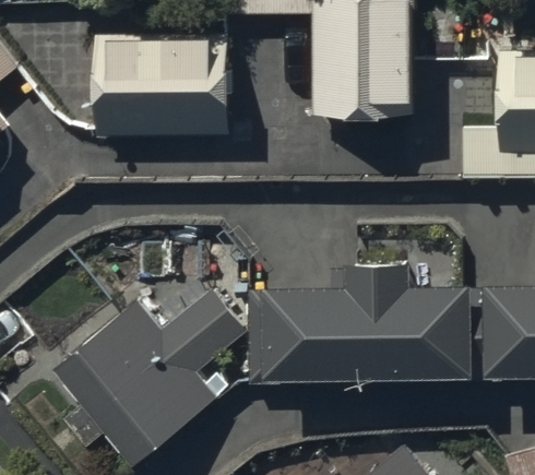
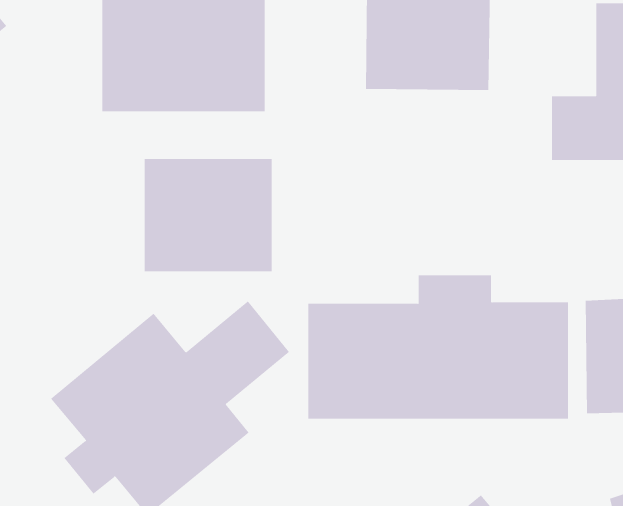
building: none -> [144,158,272,272]

